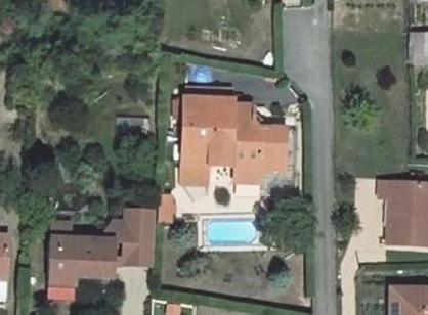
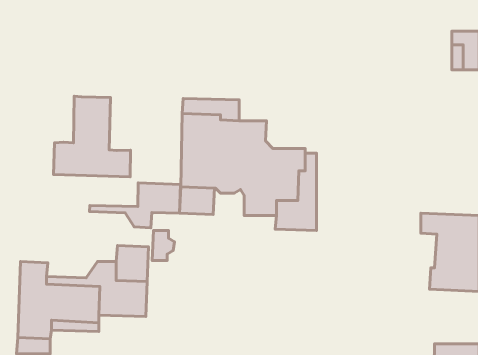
building: none -> [54,96,131,177]
building: none -> [90,183,180,228]

